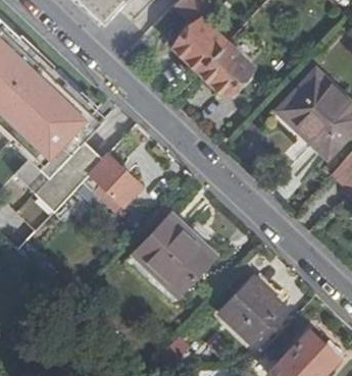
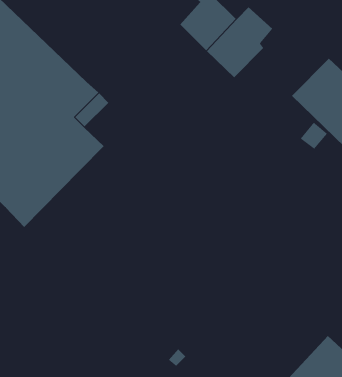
building: [84,156,141,213] -> none
building: [130,214,215,300] -> none
building: [221,278,284,340] -> none

